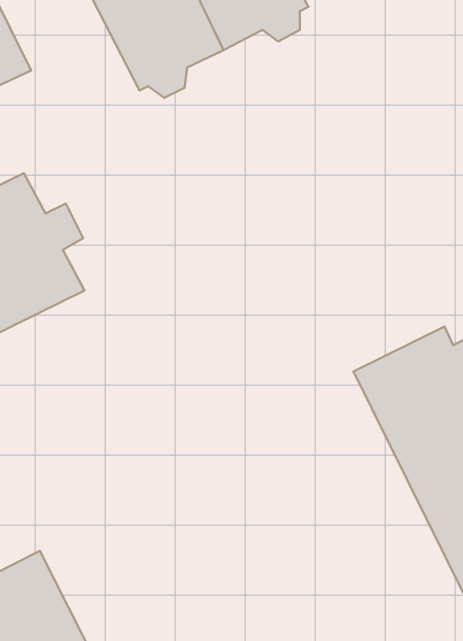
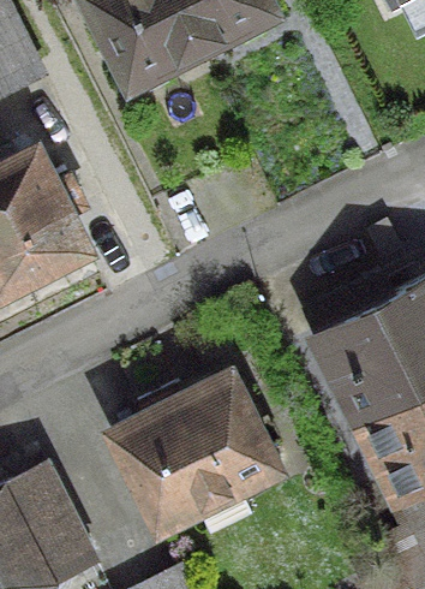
building: none -> [107,376,271,528]

